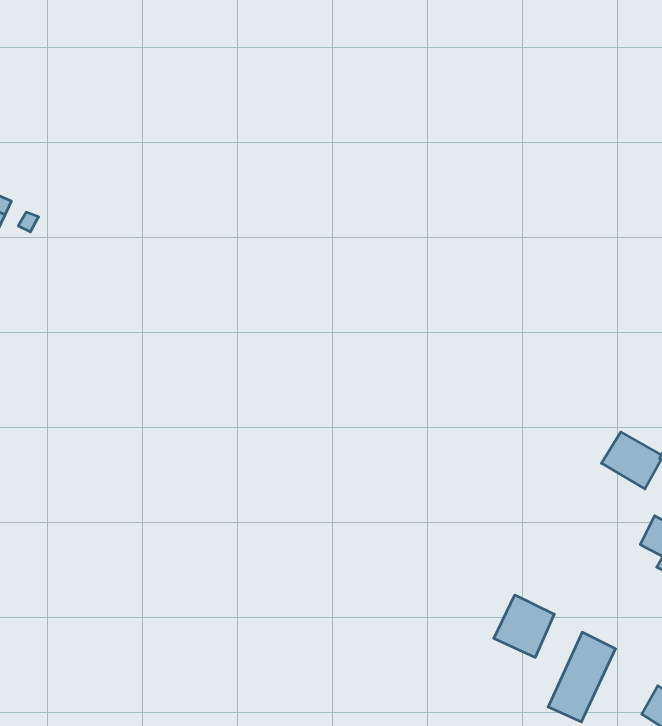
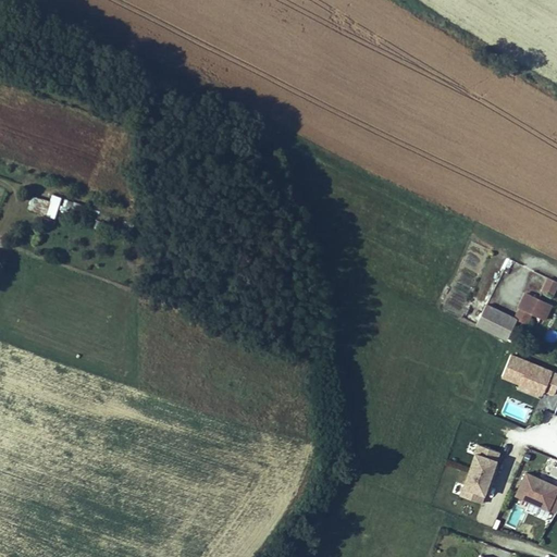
building: [494,595,554,657] -> none

